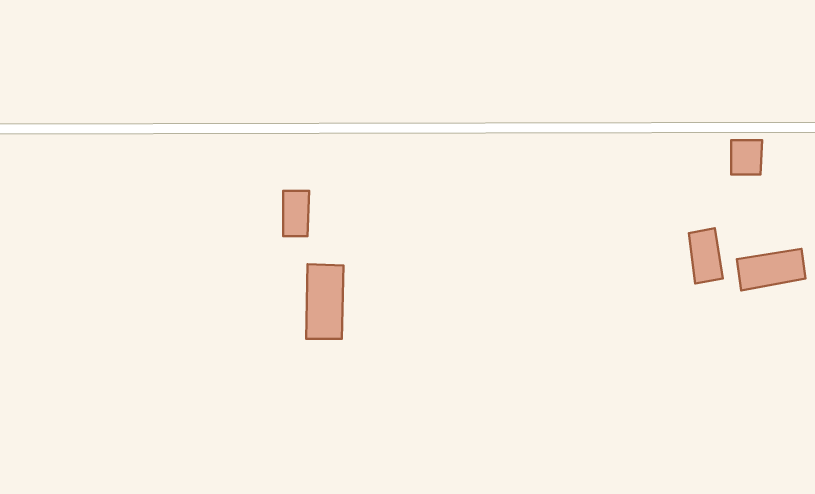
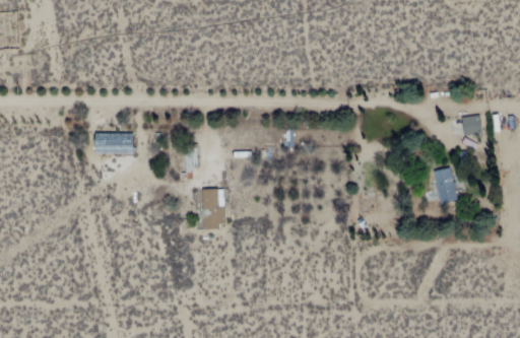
building: none -> [91,132,134,156]
building: [737,249,805,291] -> none

